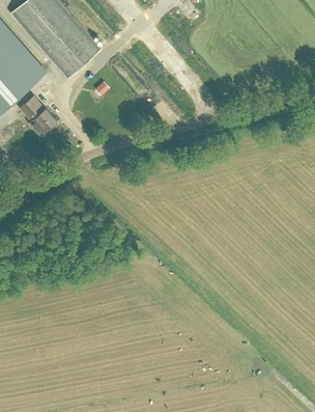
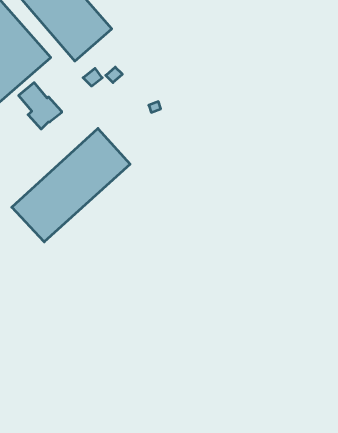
building: none -> [12,128,130,242]

